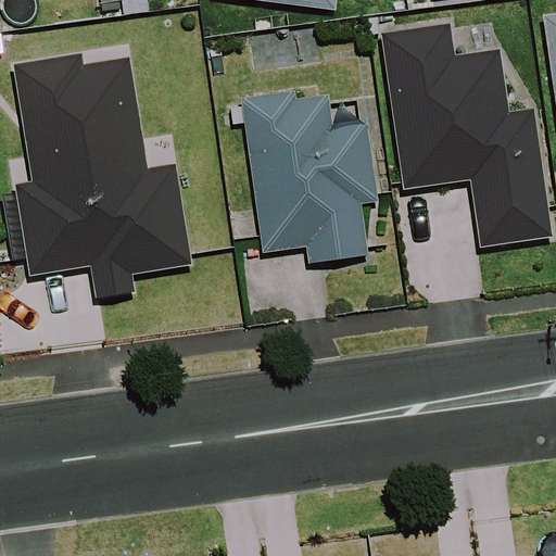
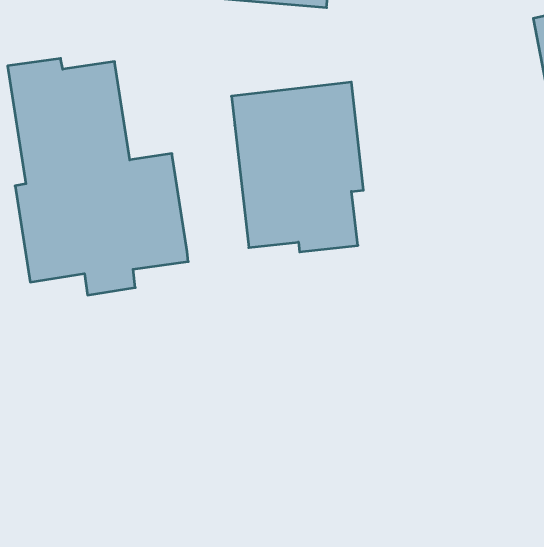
building: [380,22,551,248] -> none

